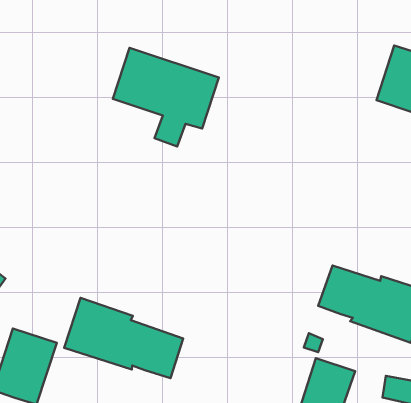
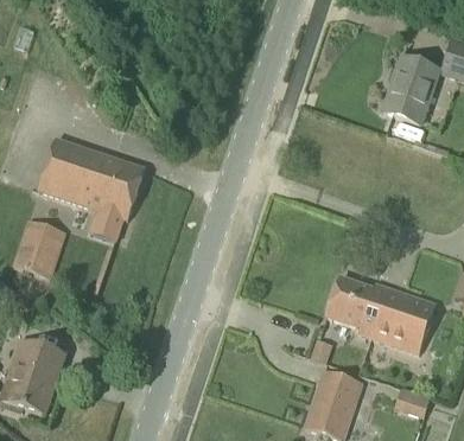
building: [113,48,219,146] -> [39,138,145,236]
building: none -> [14,220,64,276]
building: [64,298,183,378] -> none

